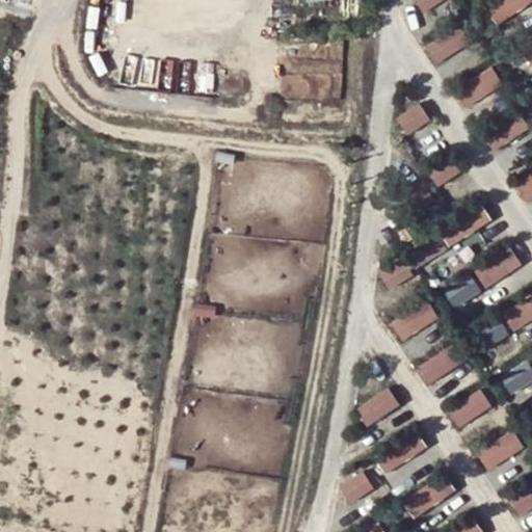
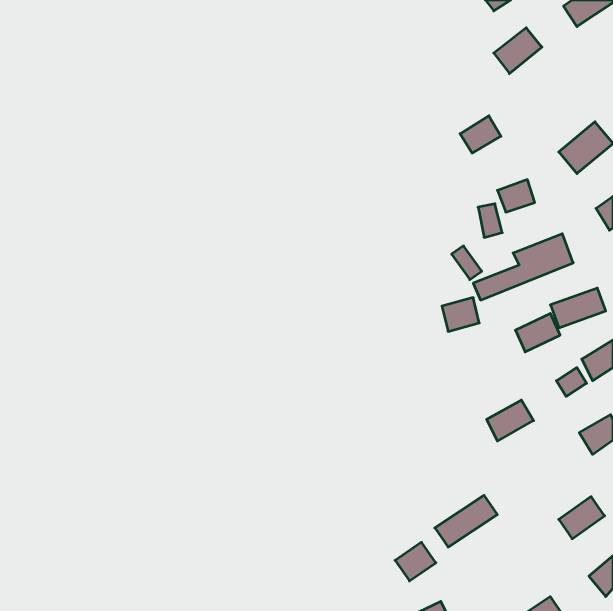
building: [456,69,502,110] -> none
building: [392,300,441,342] -> none
building: [356,388,402,429] -> none
building: [449,389,496,428] -> none
building: [403,474,457,522] -> none

